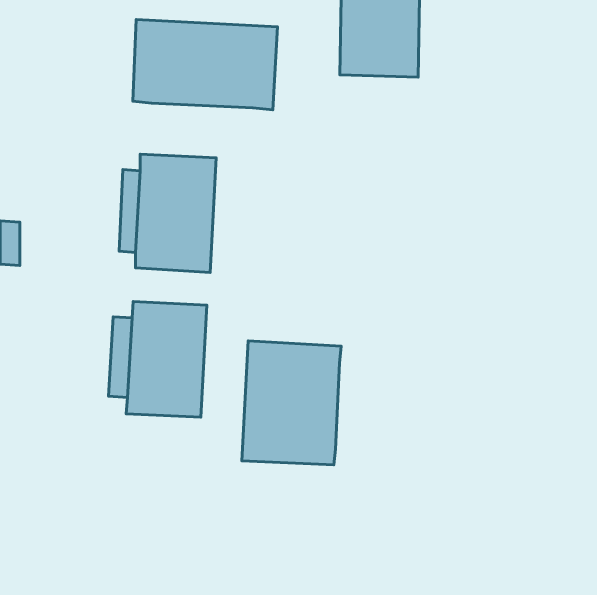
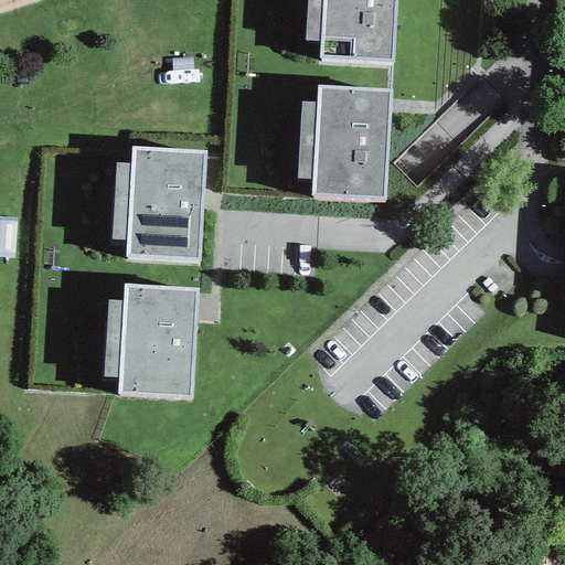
building: [133,20,278,110] -> none
building: none -> [310,99,390,201]
building: [242,341,341,465] -> none

